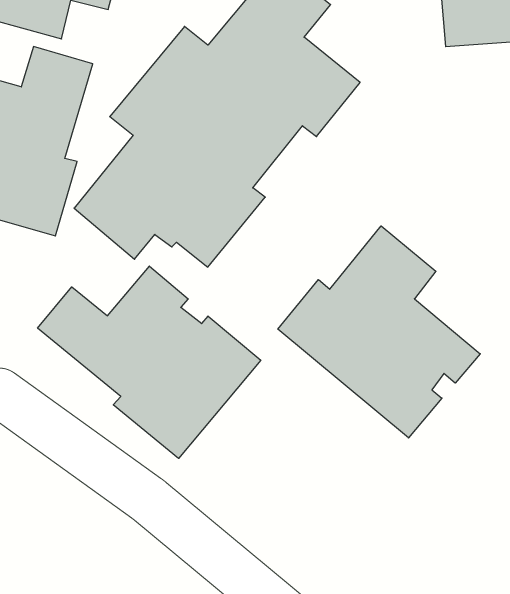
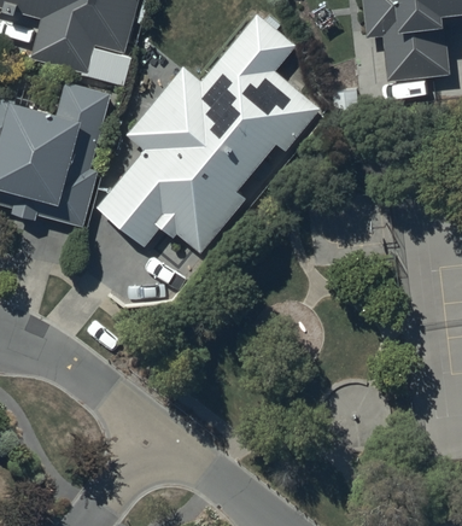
building: [278,226,480,438] -> none
building: [38,266,261,458] -> none

